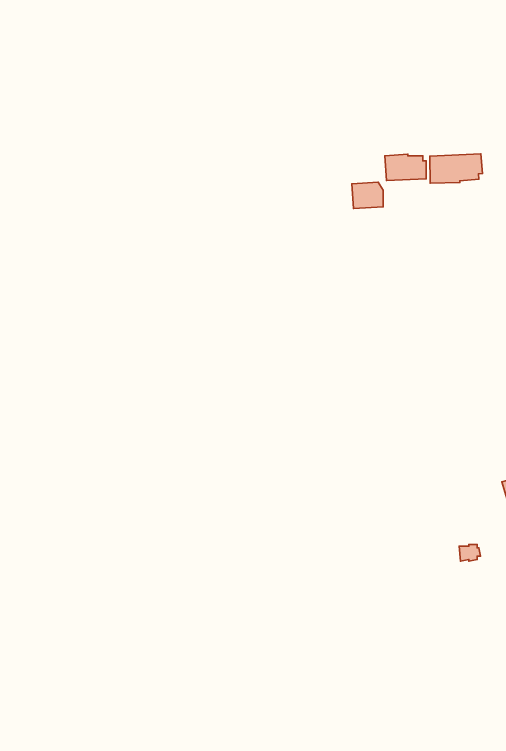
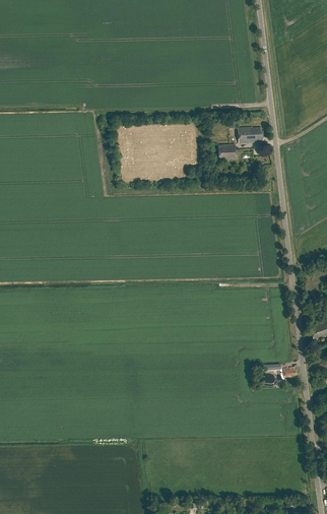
building: [430,154,483,183] -> none

